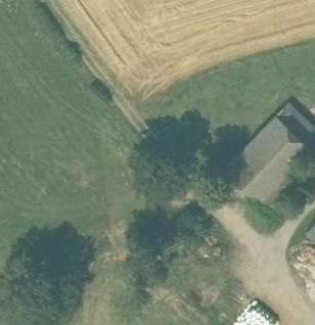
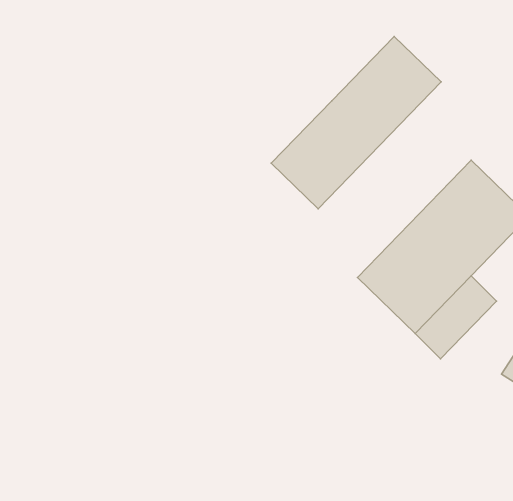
building: none -> [271,36,441,209]

